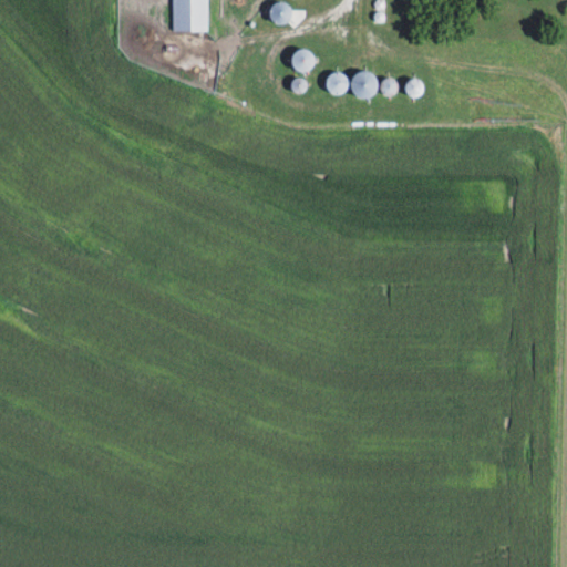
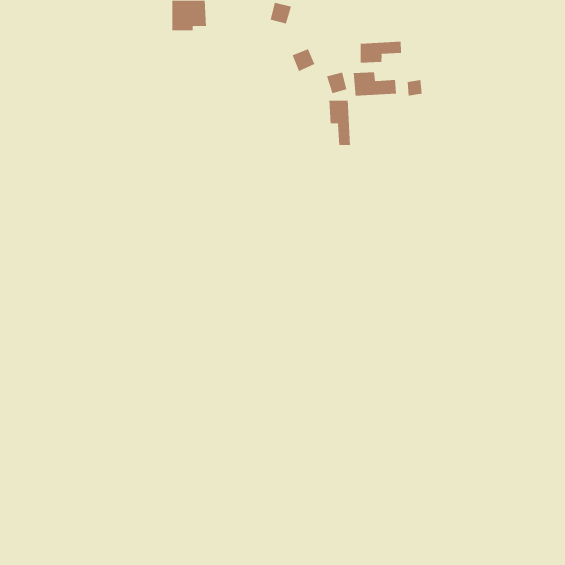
building: none -> [360,41,402,64]
building: none -> [329,100,350,146]

